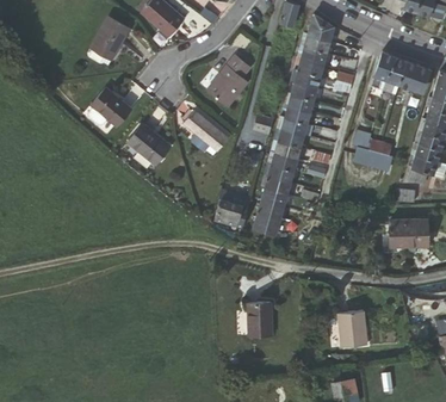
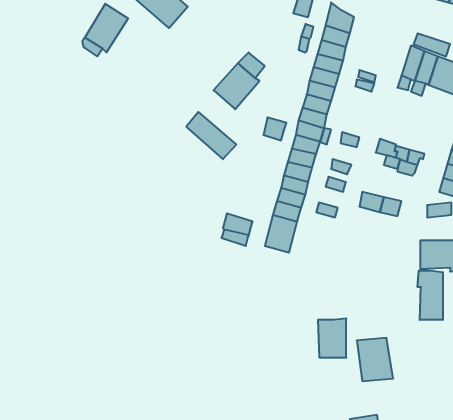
building: [89,86,130,124] -> none
building: [129,122,169,161] -> none
building: none -> [418,271,443,320]
building: [246,298,271,333] -> [318,318,346,358]

